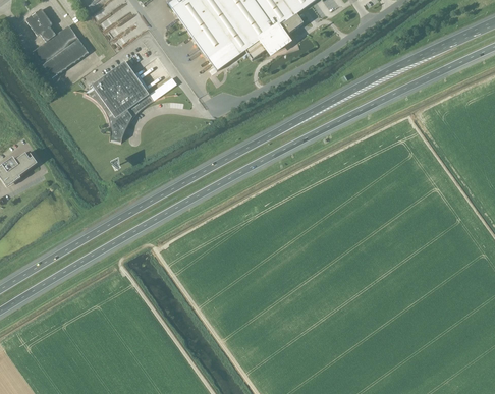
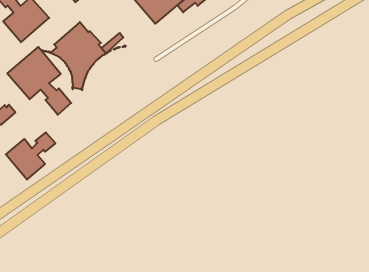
building: none -> [7,47,71,115]
building: none -> [6,132,55,180]

